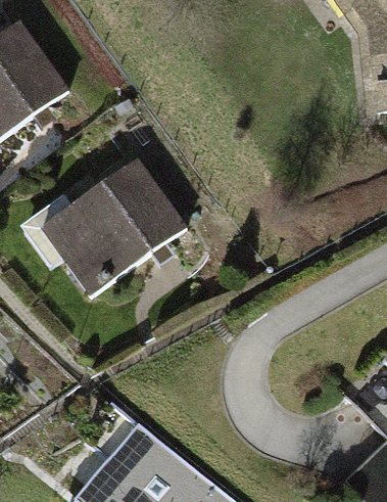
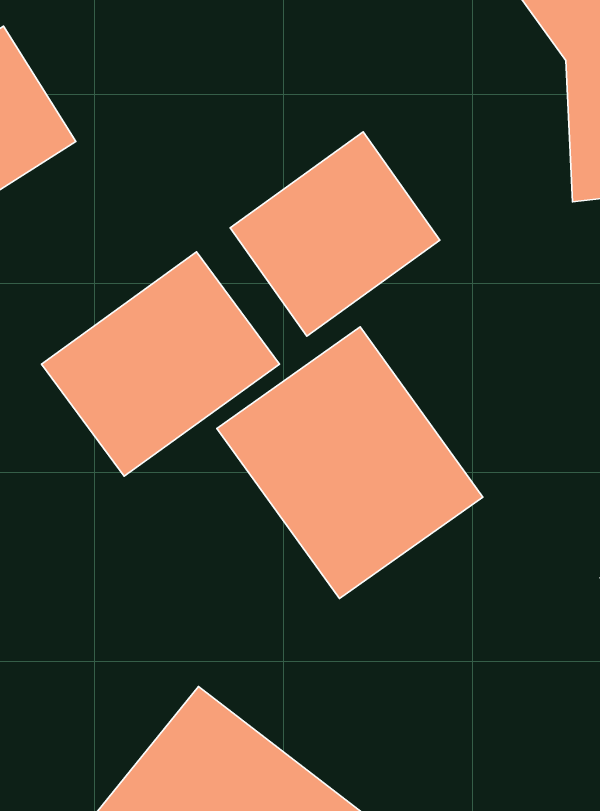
building: none -> [230,132,440,336]
building: none -> [217,327,483,599]

